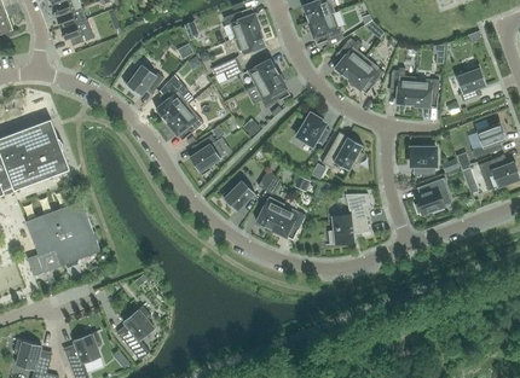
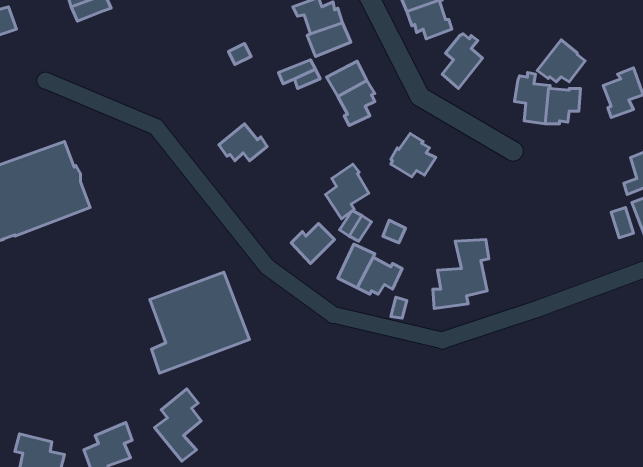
building: [60,19,94,46] -> none
building: [347,57,383,88] -> [537,40,585,82]
building: [123,65,163,95] -> none
building: [156,81,189,122] -> none
building: [190,135,223,176] -> [325,164,369,219]
building: [322,138,363,170] -> none
building: [409,145,435,174] -> none
building: [415,179,447,215] -> none
building: [25,200,100,277] -> [150,272,250,373]

